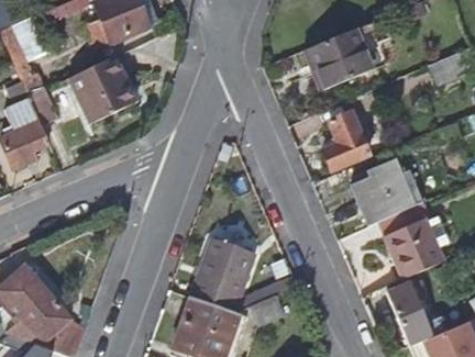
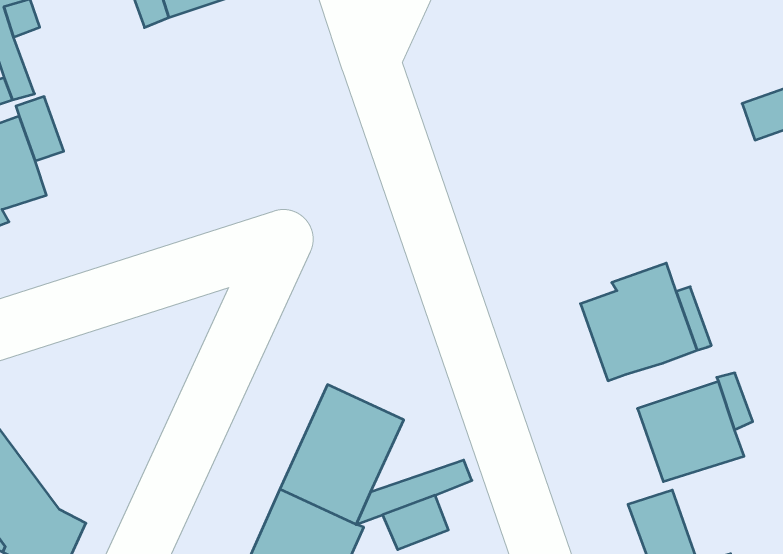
building: [305,29,373,89] -> none
building: [68,55,134,124] -> none
building: [322,111,368,168] -> none

